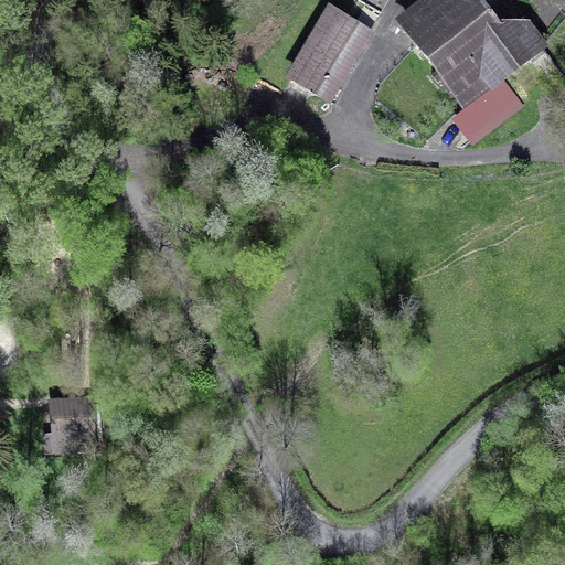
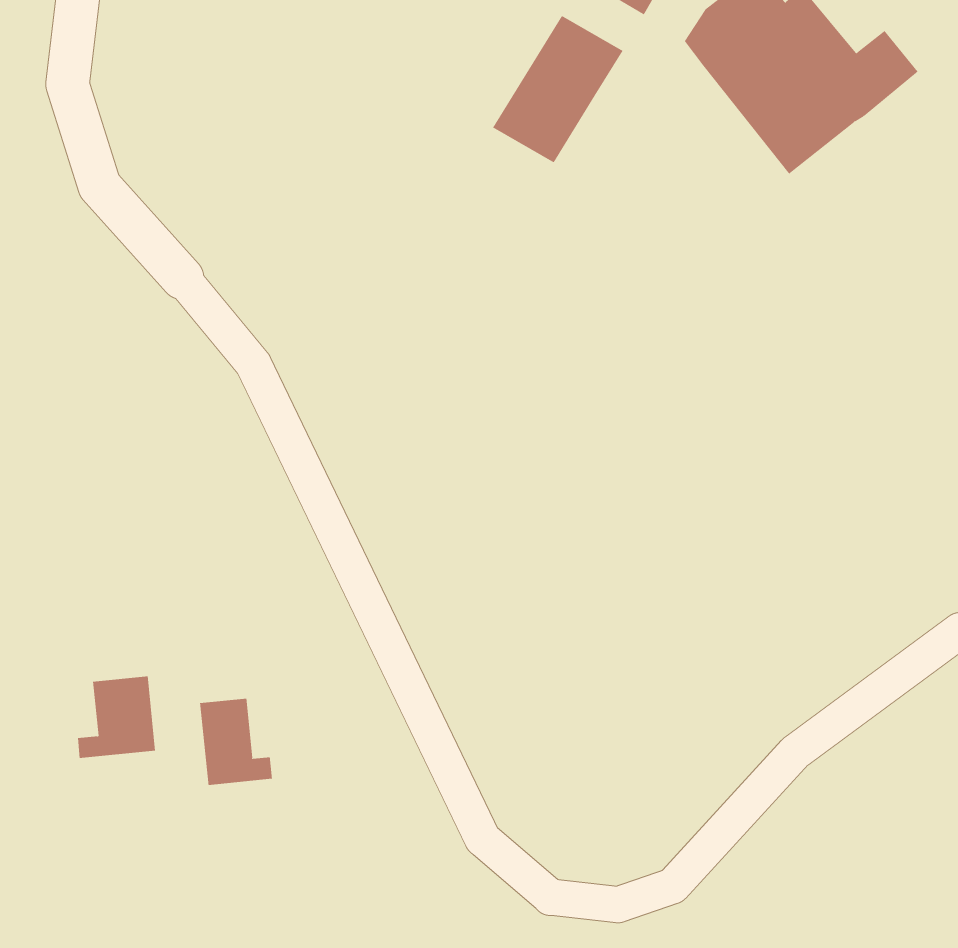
building: [452,72,523,137] -> none
building: none -> [200,698,272,786]

